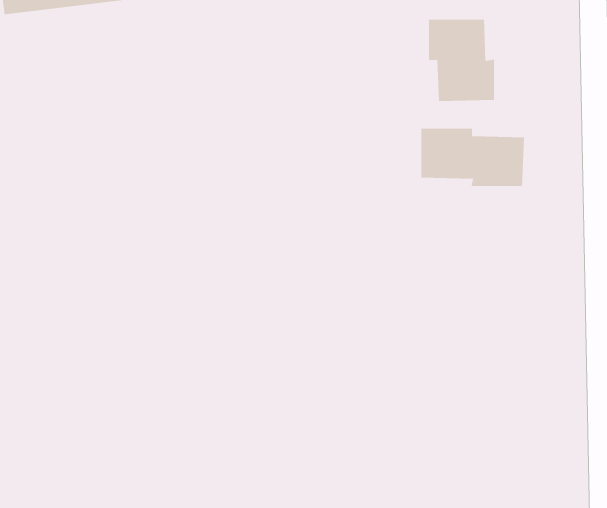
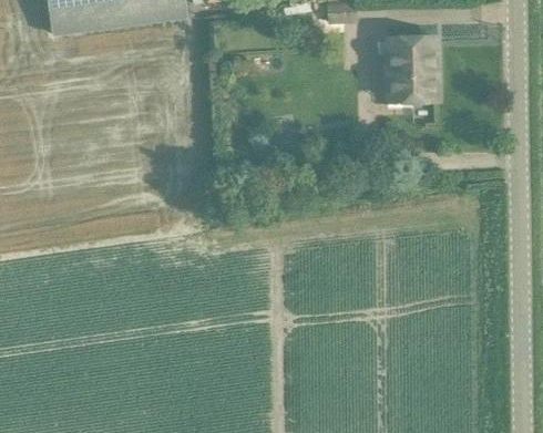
building: [421,128,524,187] -> none

